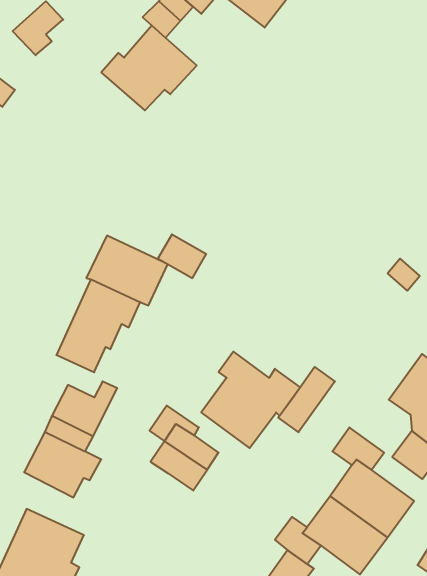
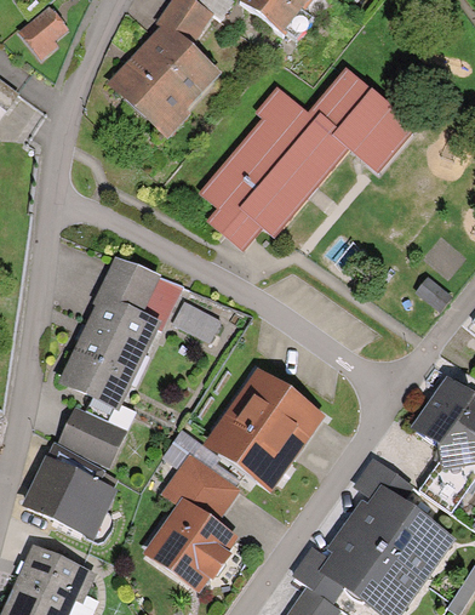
building: none -> [202,69,413,238]
building: [158,234,206,278] -> [170,300,221,346]
building: [278,367,335,432] -> none
building: none -> [149,505,229,585]

